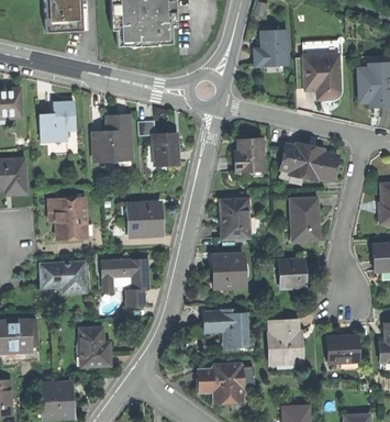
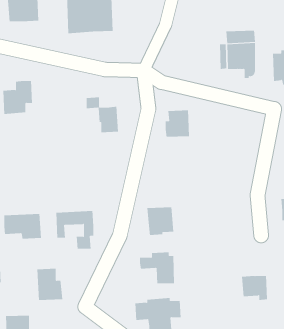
building: [254,31,287,65] -> none
building: [92,115,131,162] -> none
building: [278,143,337,181] -> none
building: [47,197,86,240] -> none
building: [219,198,249,237] -> none
building: [289,198,317,241] -> none
building: [129,202,161,235] -> none
building: [277,259,303,288] -> none
building: [266,320,300,363] -> none

